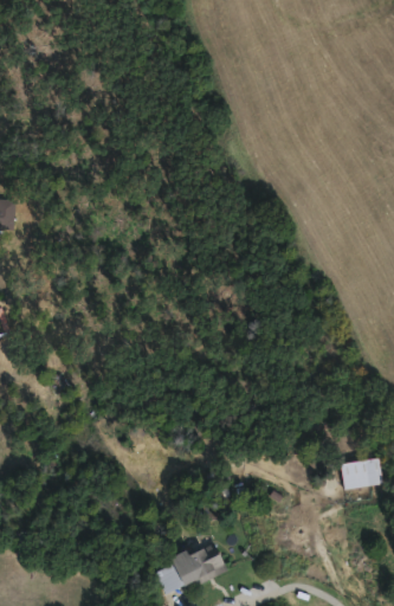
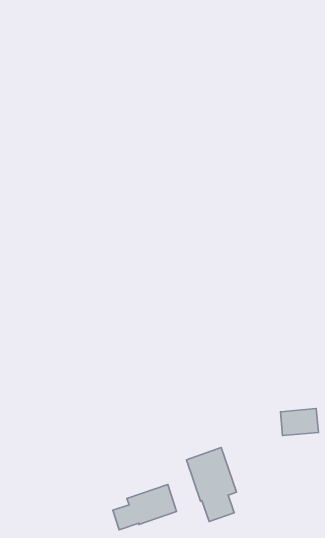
building: none -> [186,447,236,522]

